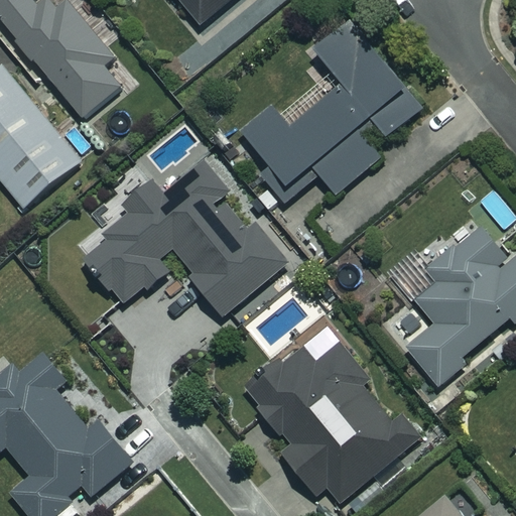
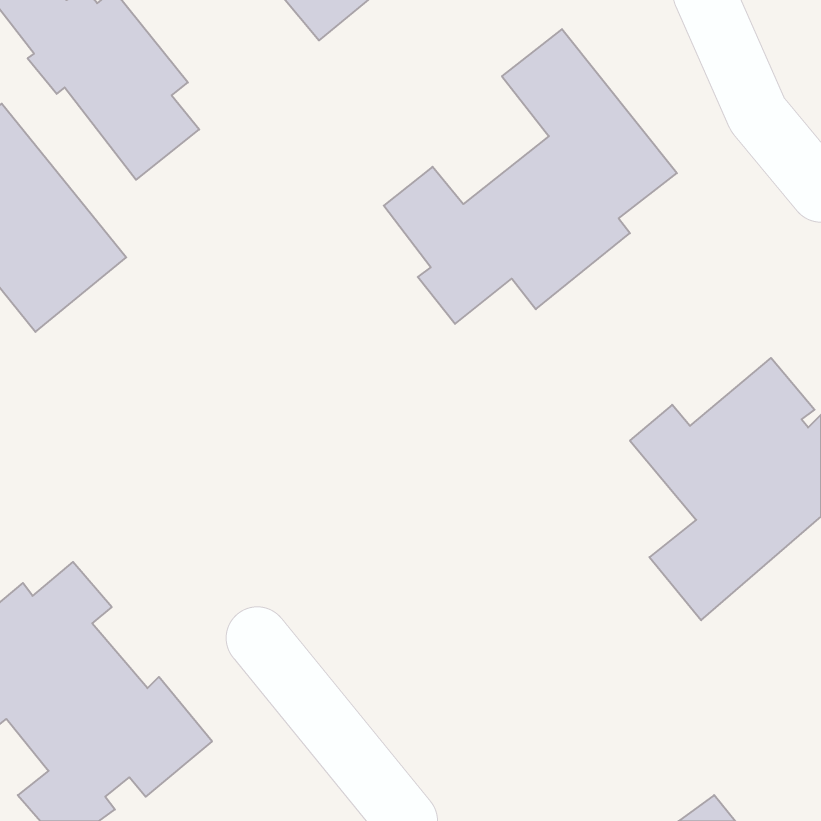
building: [81,161,286,316] -> none
building: [243,342,418,504] -> none

